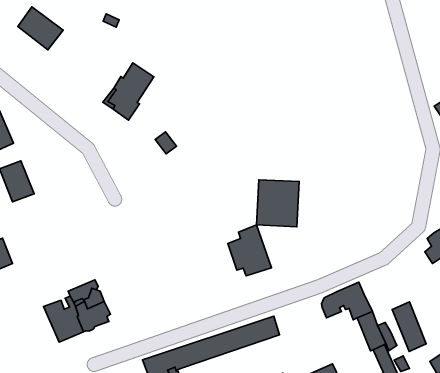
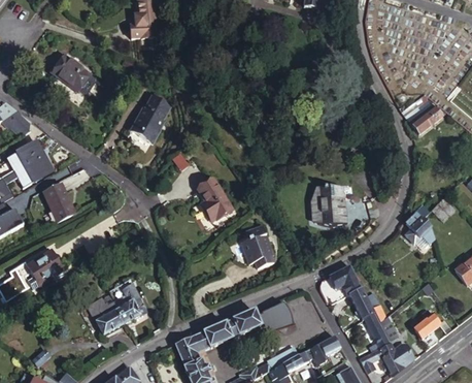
building: none -> [194,182,226,220]
building: [256,180,299,227] -> [310,185,345,224]
building: [392,302,426,351] -> none

